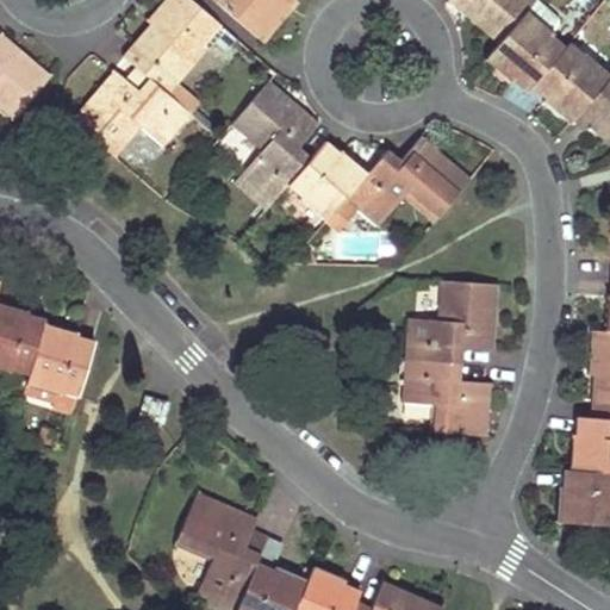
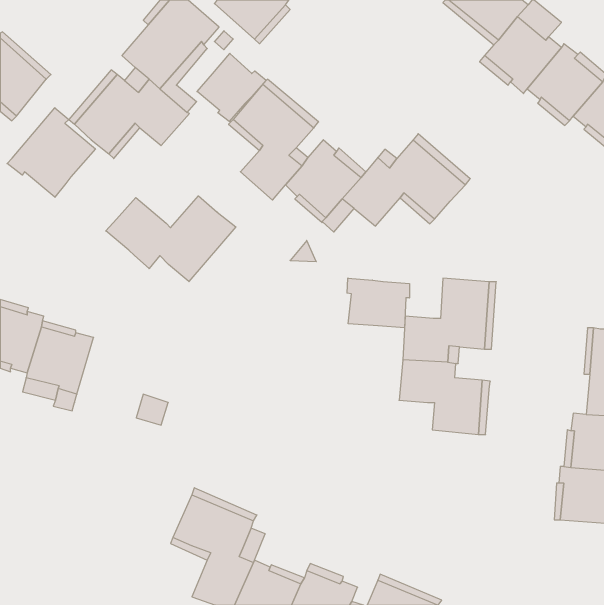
building: none -> [197,53,266,121]
building: none -> [7,108,95,197]
building: none -> [106,196,236,282]
building: none -> [347,278,409,328]

